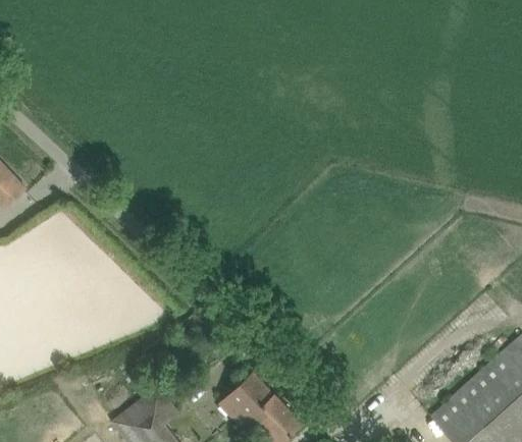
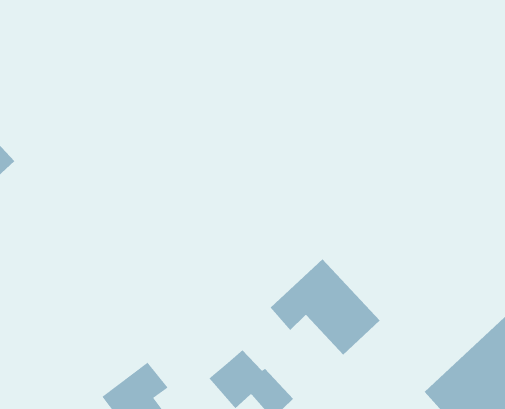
building: none -> [270,258,380,355]

